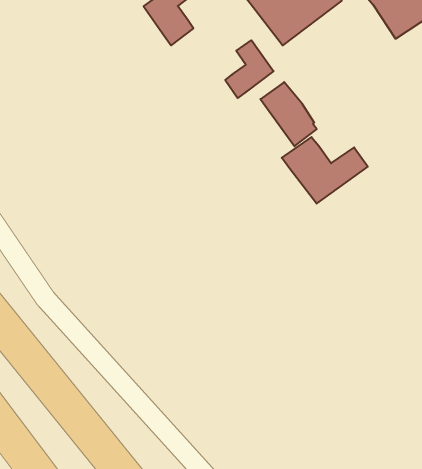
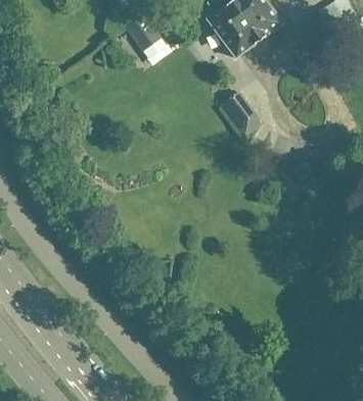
building: [225,40,274,98] -> none
building: [282,137,368,204] -> none

